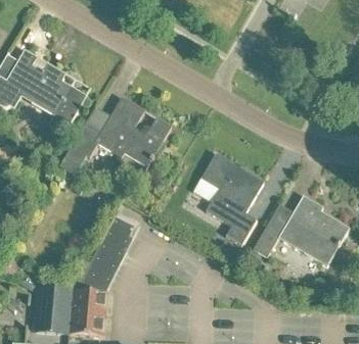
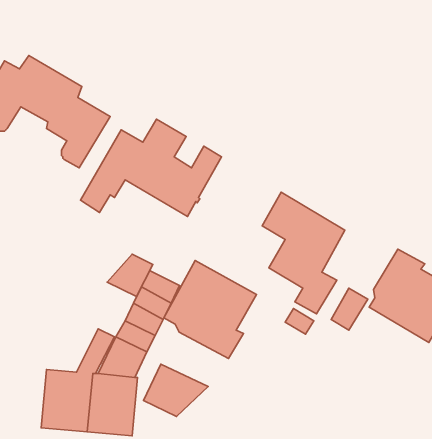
building: none -> [107,254,153,297]
building: none -> [164,261,256,358]
building: none -> [143,364,208,416]

